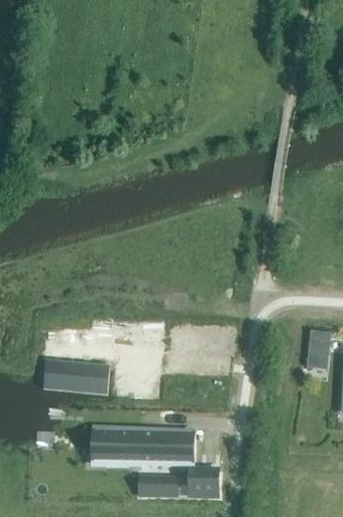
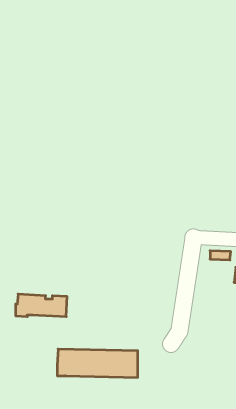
building: [140,469,217,495] -> none

